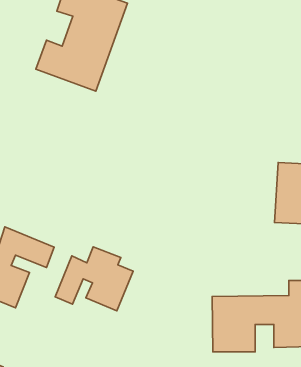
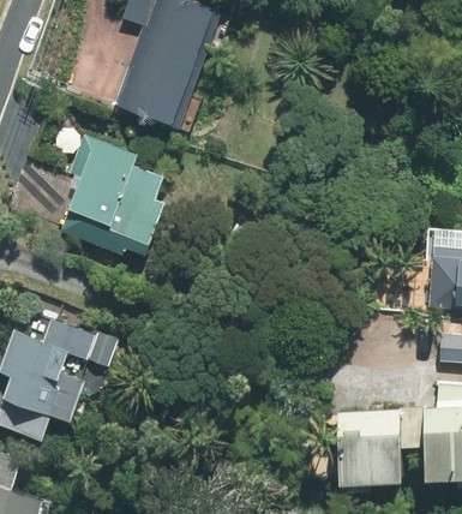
building: none -> [64,137,164,250]
building: [55,247,133,311] -> none

